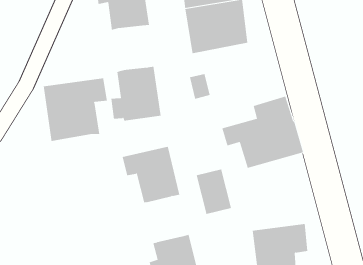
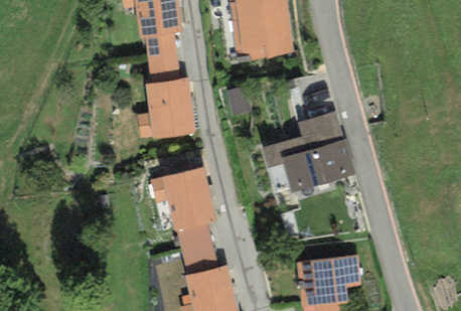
building: none -> [147,32,179,82]
building: [43,77,107,142] -> none
building: [196,169,232,215] -> [178,223,218,275]

